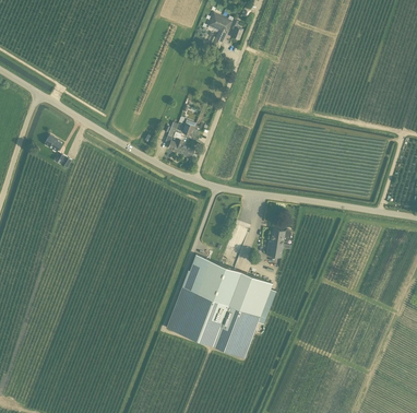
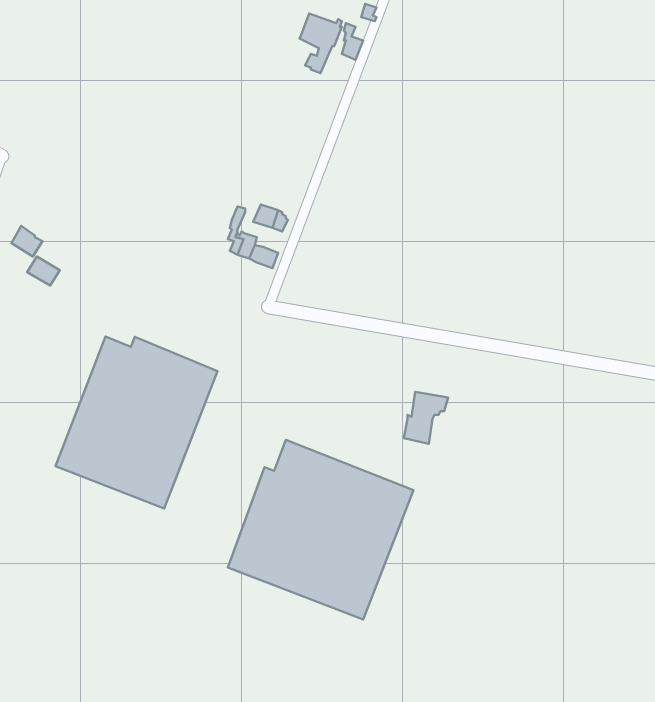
building: none -> [56,336,217,508]

